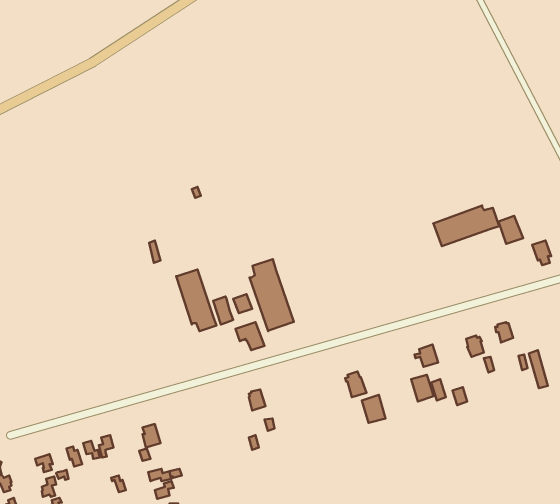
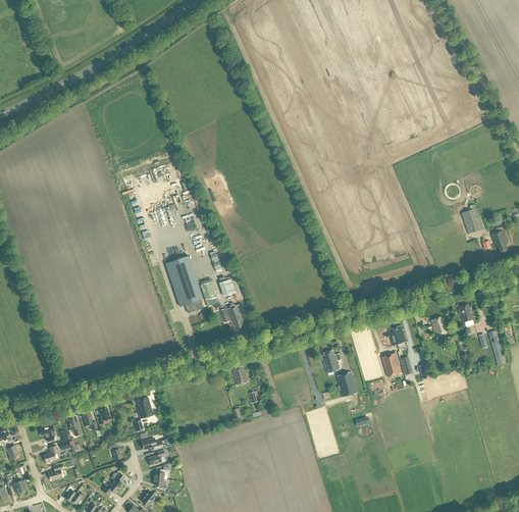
building: [433,206,499,246] -> none
building: [250,259,294,331] -> none

